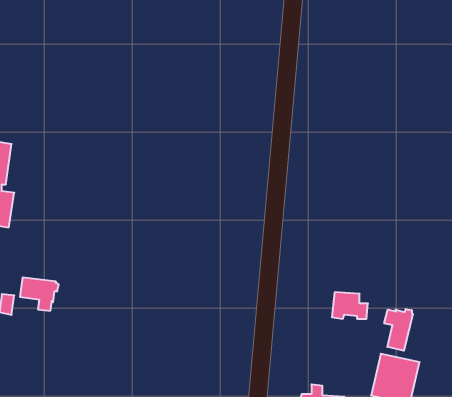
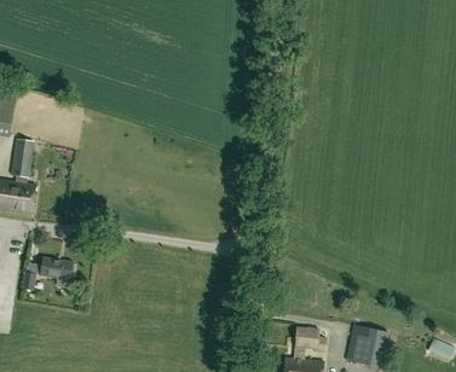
building: [332,292,368,319] -> [294,329,325,351]
building: [384,309,413,351] -> none

